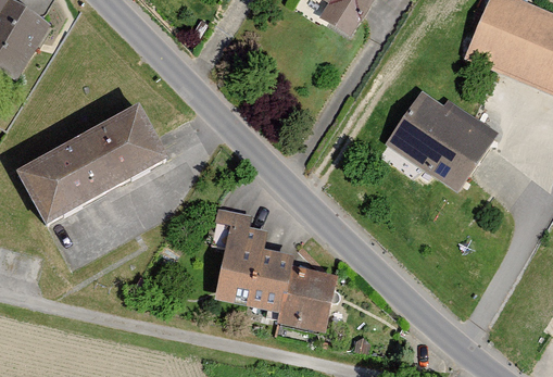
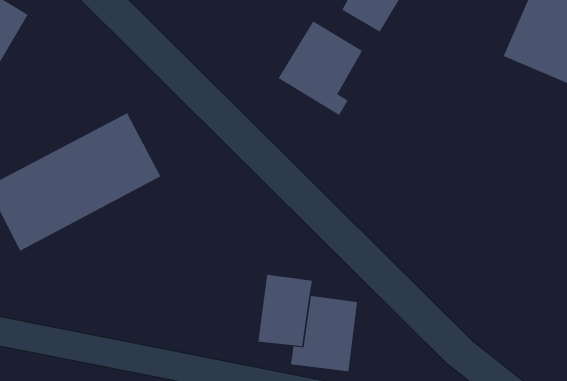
building: none -> [278,21,363,116]
building: [392,85,501,191] -> none
building: [209,203,268,305] -> none

